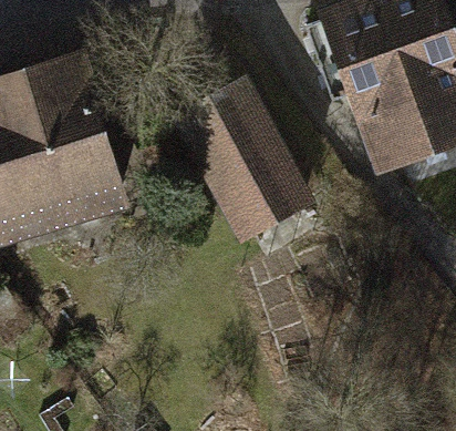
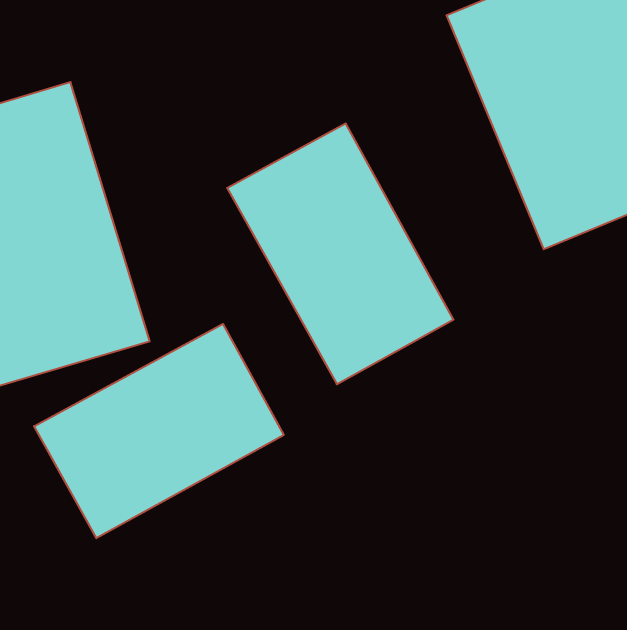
building: none -> [34,324,284,538]

